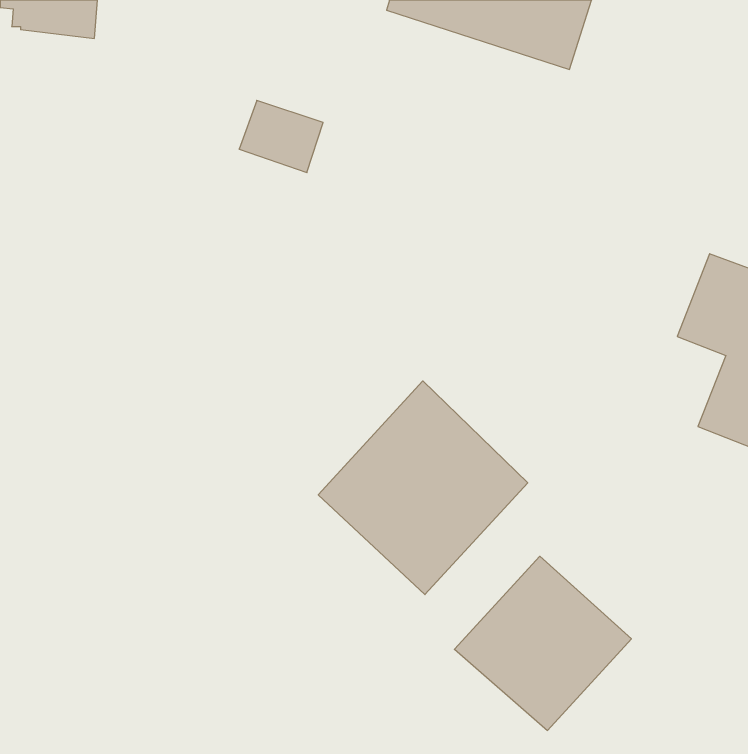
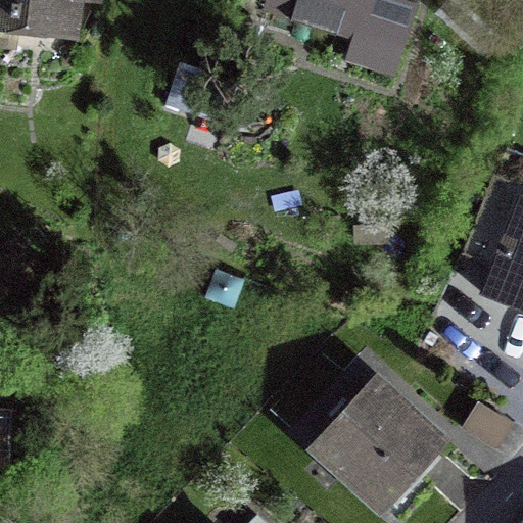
building: [318,381,528,595] -> none

